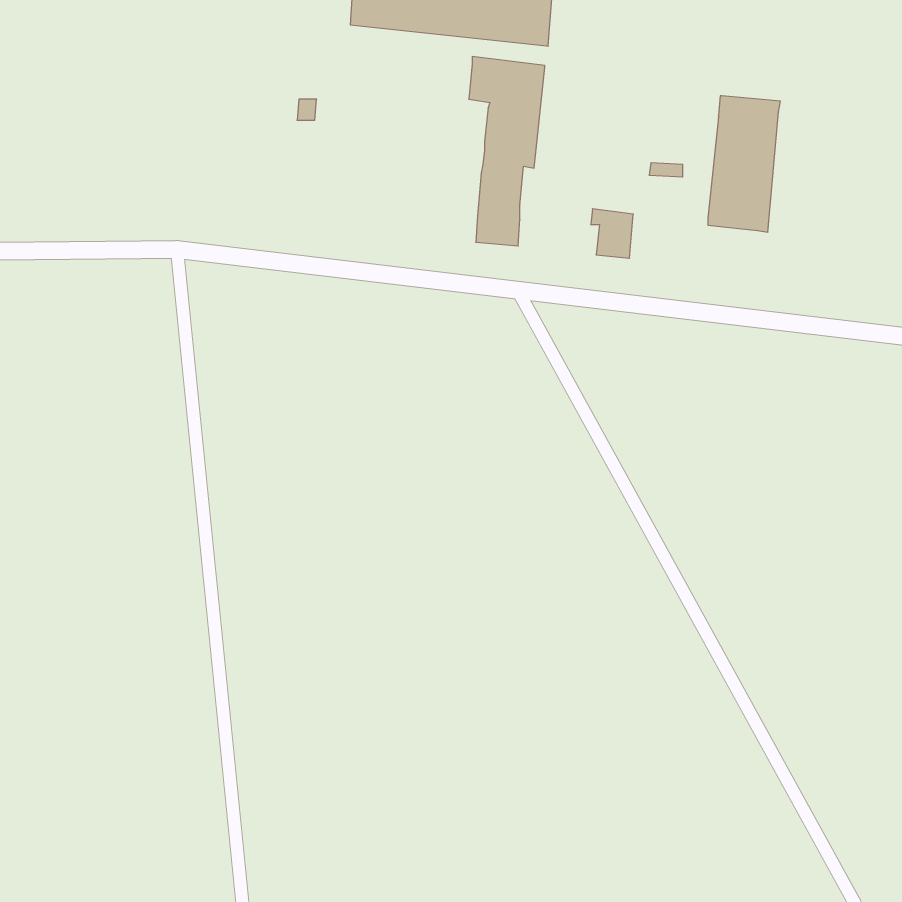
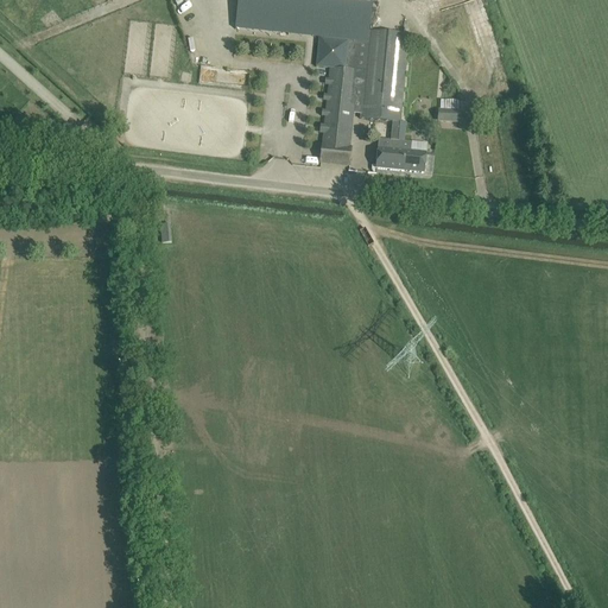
building: [708,96,780,232] -> [359,31,407,122]
building: none -> [374,139,403,171]

